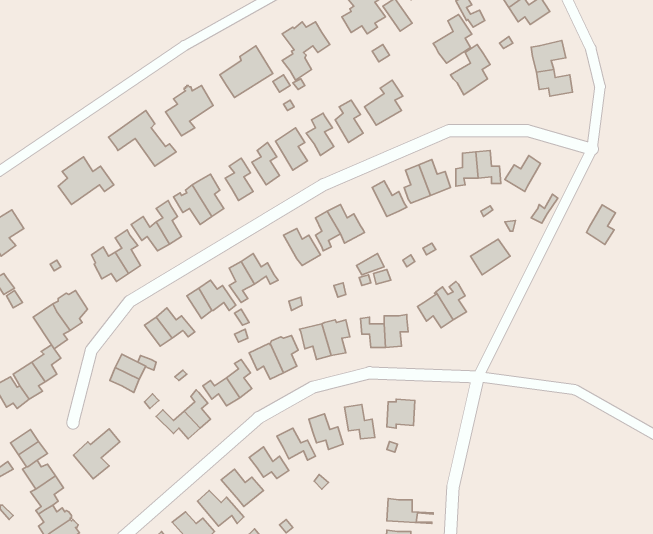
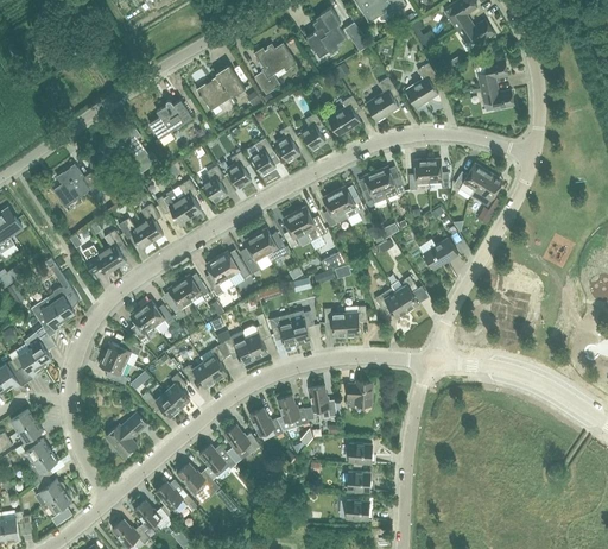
building: [433,14,472,63] -> [365,77,399,121]
building: none -> [322,191,347,227]
building: [586,205,616,245] -> [470,170,496,206]
building: none -> [239,234,266,273]
building: [73,429,120,479] -> [104,412,146,457]
building: none -> [348,443,390,465]

